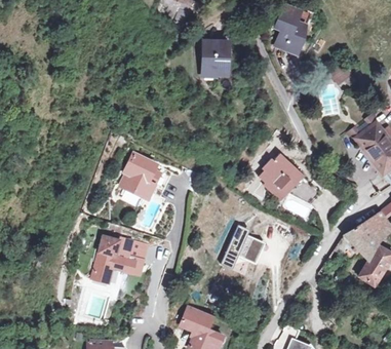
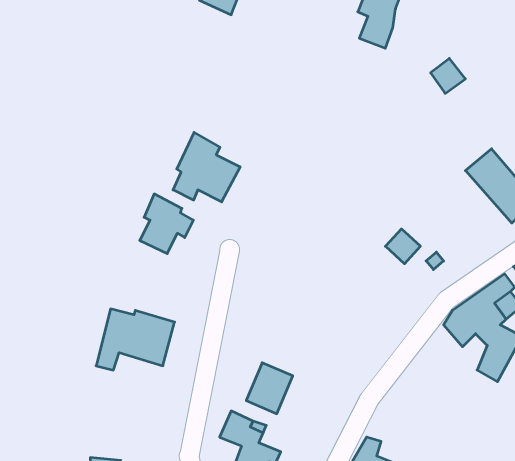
building: [205,44,226,75] -> none
building: none -> [173,132,240,202]
building: [260,149,301,200] -> none
building: [225,228,258,264] -> [246,363,293,414]

